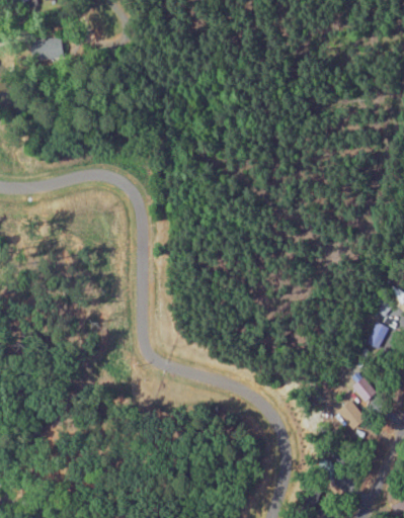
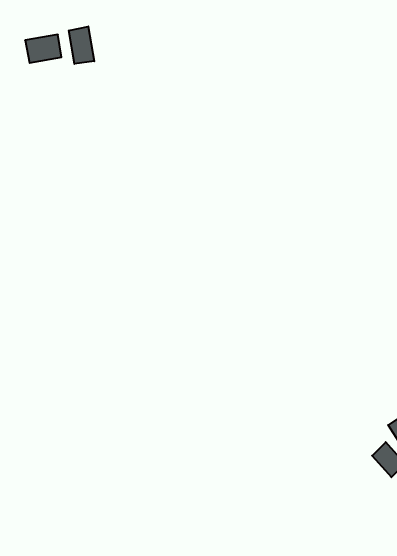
building: none -> [69,26,94,64]

